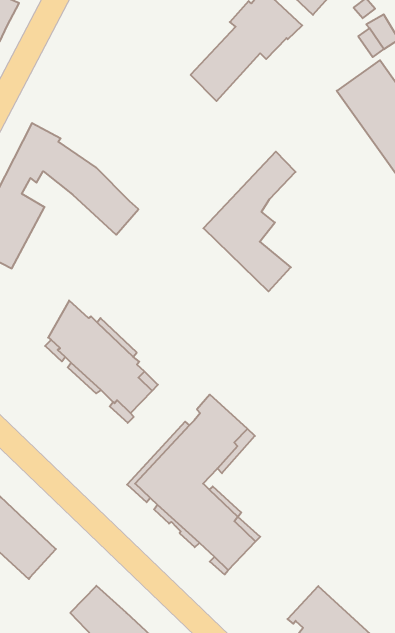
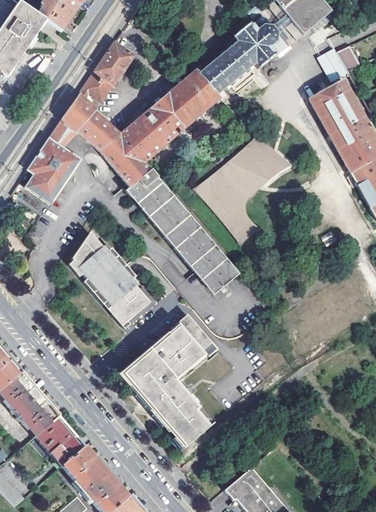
building: none -> [78,41,135,100]
building: none -> [122,69,220,162]
building: none -> [242,137,289,191]
building: none -> [125,169,237,292]
building: none -> [36,416,85,466]

